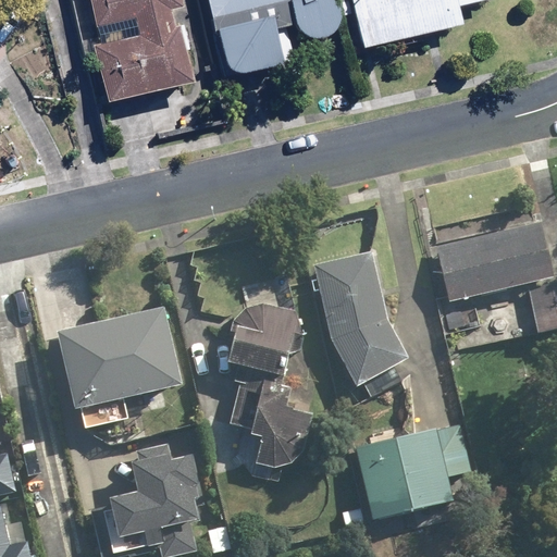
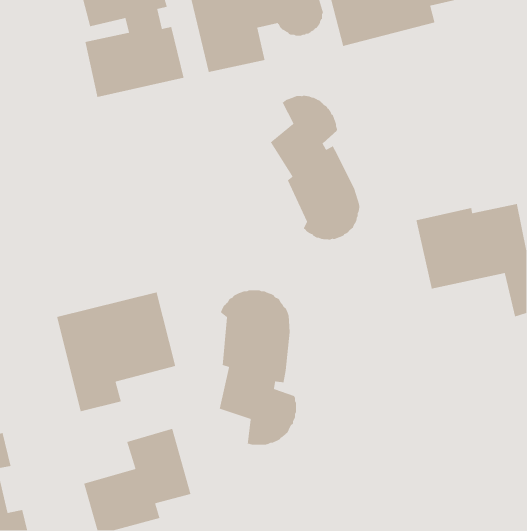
building: none -> [270,95,360,240]
building: [313,251,410,400] -> none
building: [358,423,467,519] -> none

